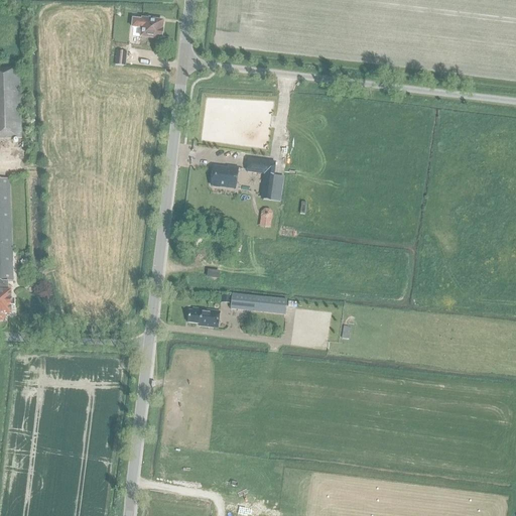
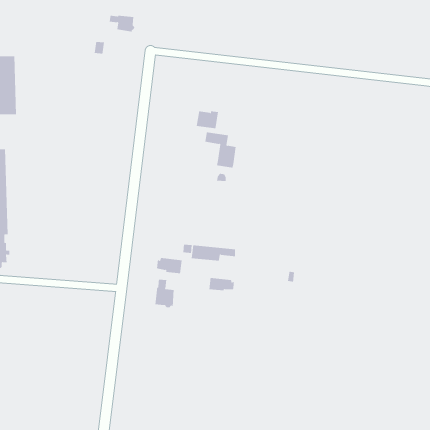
building: [209,166,236,187] -> [196,111,219,129]
building: none -> [209,277,235,291]
building: none -> [155,279,174,308]

